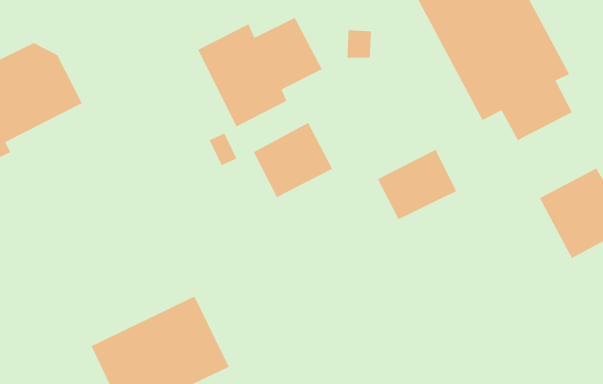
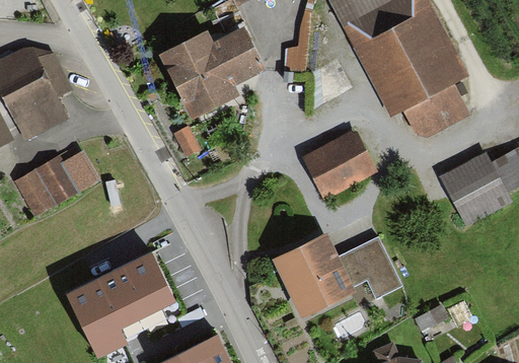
building: [253,122,333,198] -> none
building: none -> [17,157,95,215]
building: none -> [269,223,396,310]

